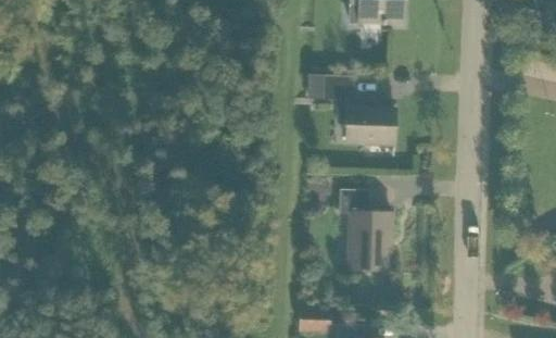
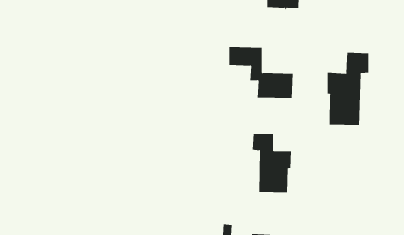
building: none -> [327,52,369,126]

